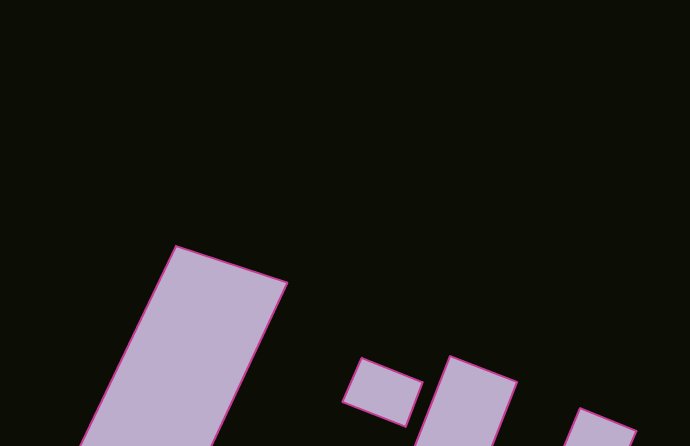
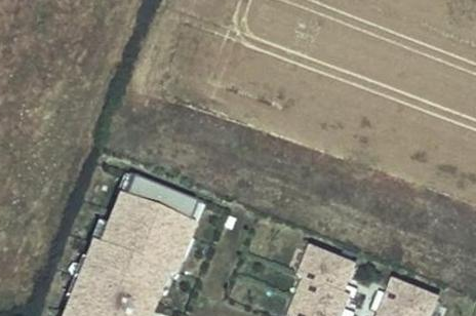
building: [343,358,423,427] -> none

